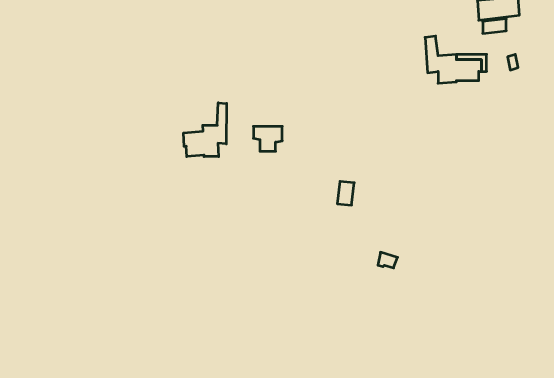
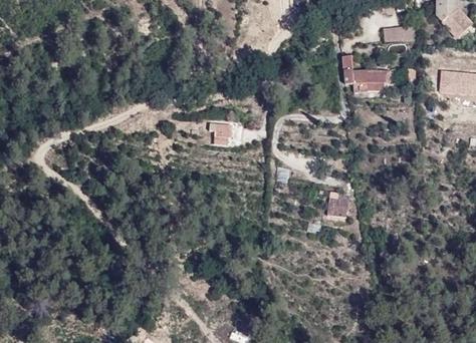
building: [184,103,227,157] -> none
building: none -> [326,192,348,217]

